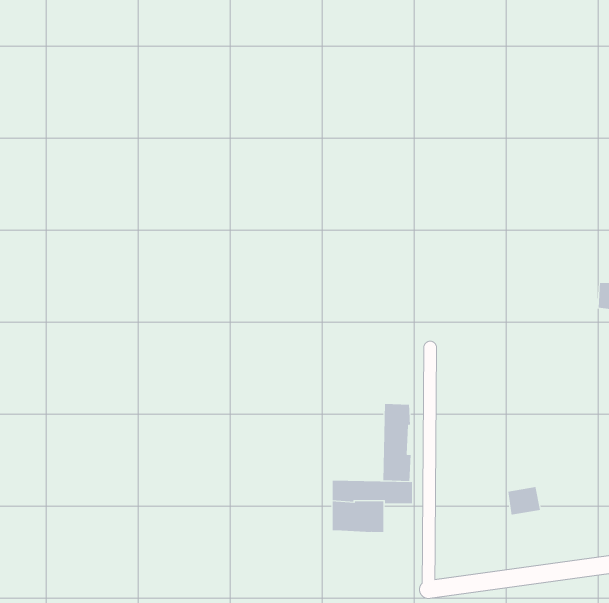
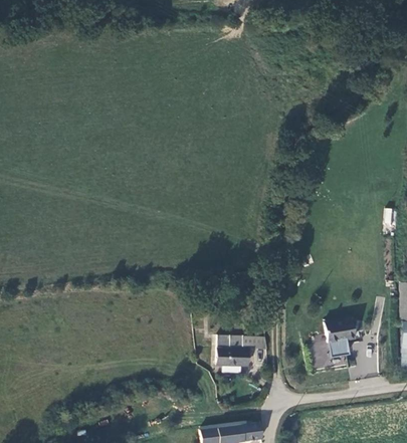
building: [383,403,411,482] -> none
building: none -> [324,316,356,342]

